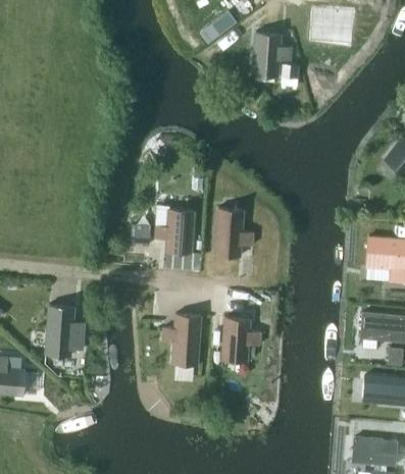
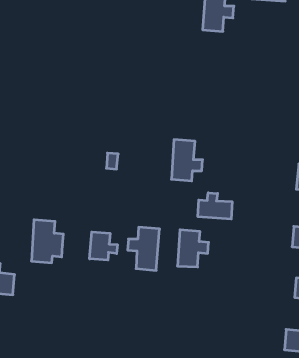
building: [155,209,194,254] -> none
building: none -> [198,193,232,219]
building: none -> [90,232,117,260]

